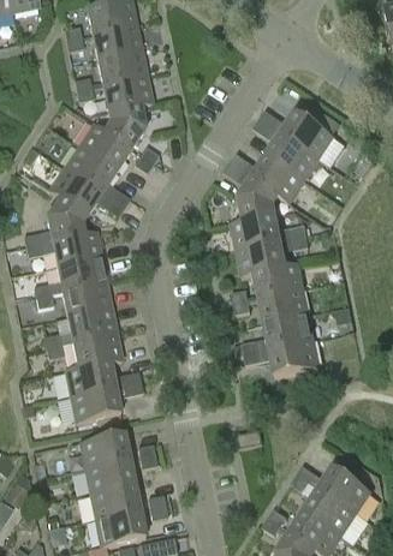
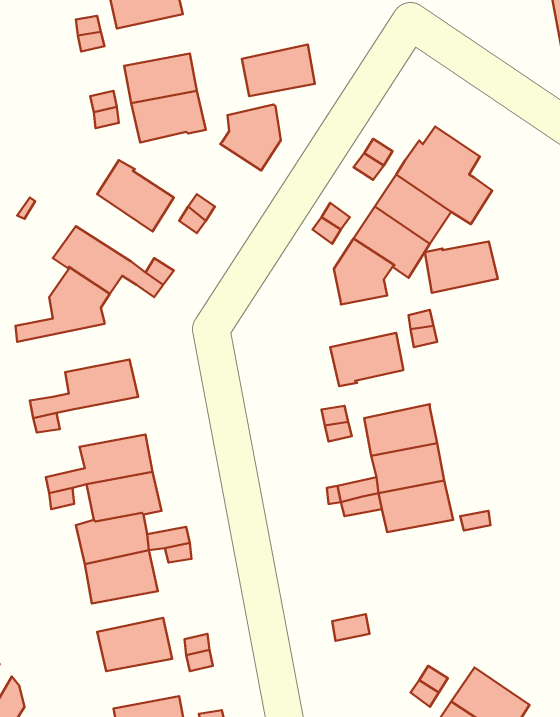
building: [93,25,142,60] -> [242,45,315,96]
building: [103,104,144,149] -> [220,105,281,170]
building: [65,147,117,192] -> none
building: [232,215,281,250] -> [425,241,498,293]
building: [25,231,101,267] -> none
building: [254,262,304,298] -> none
building: [62,283,112,317] -> none
building: [85,460,135,494] -> none

